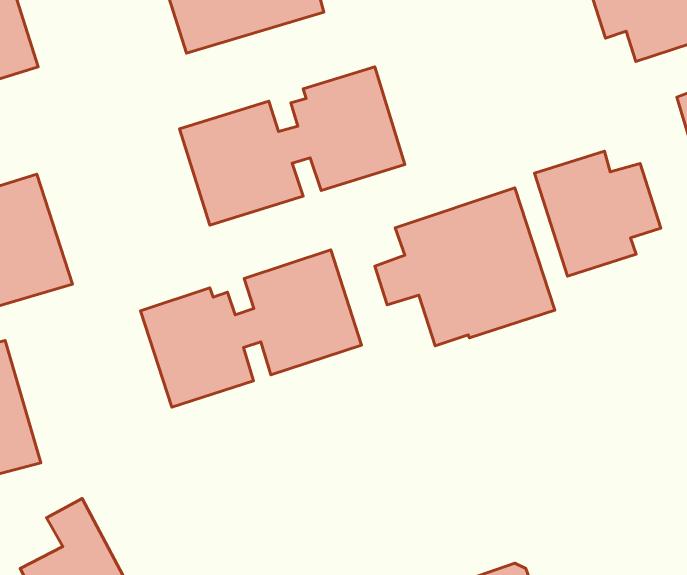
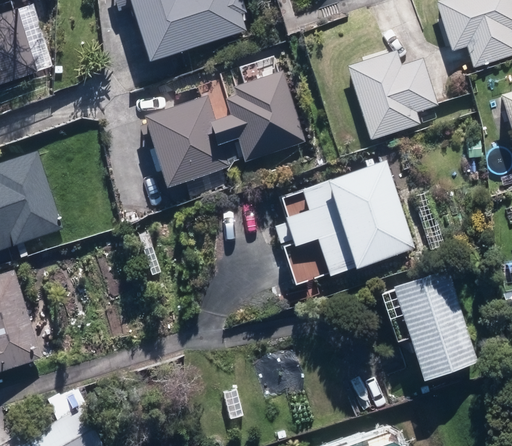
building: [534,151,661,276] -> [345,50,437,141]
building: [140,250,362,407] -> none
building: none -> [379,269,476,380]

